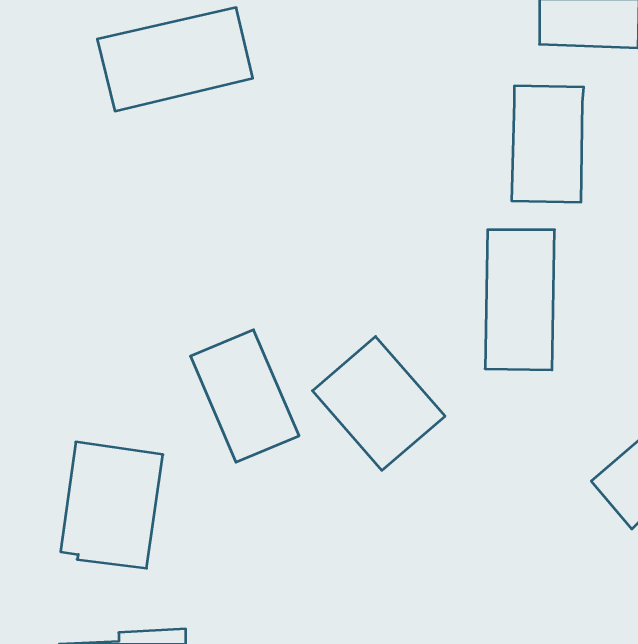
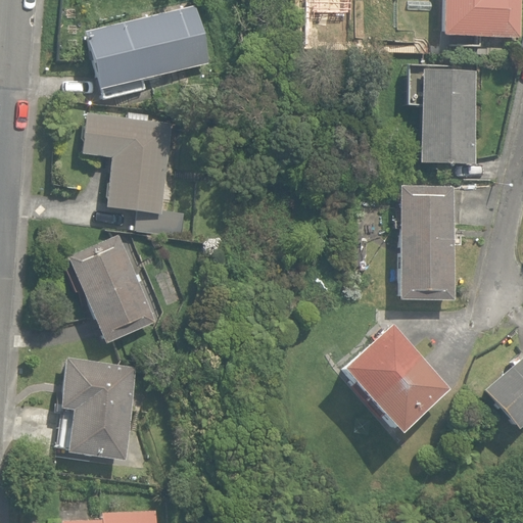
building: none -> [84,112,189,238]
building: [190,330,299,462] -> [68,235,156,342]
building: [312,336,445,470] -> [339,324,446,432]

